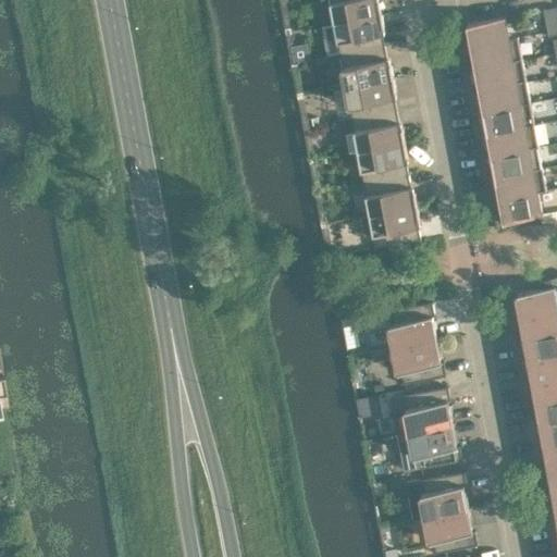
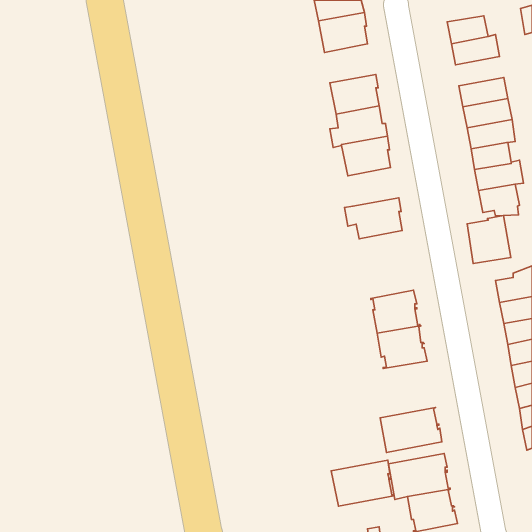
building: [337,49,391,89] -> none
building: [473,62,523,92] -> none
building: [361,177,414,218] -> none
building: none -> [467,215,511,263]
building: [387,389,453,437] -> [331,460,394,506]

